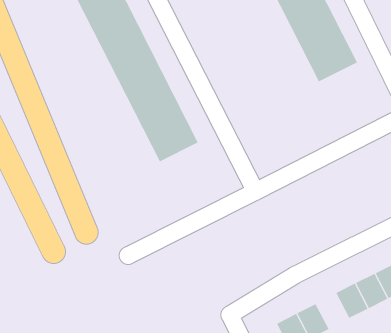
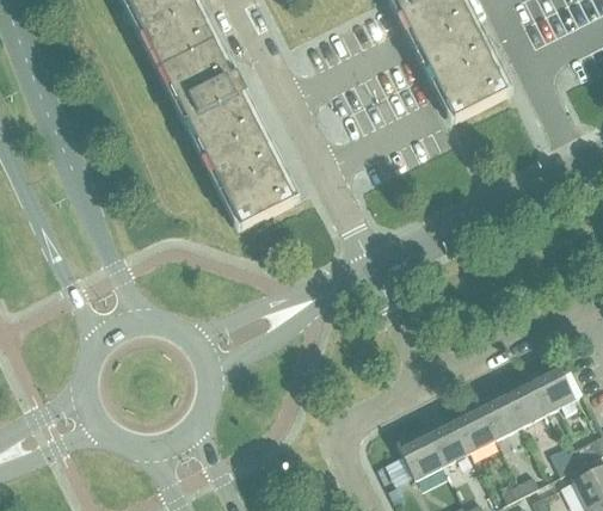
building: none -> [454,404,498,452]

